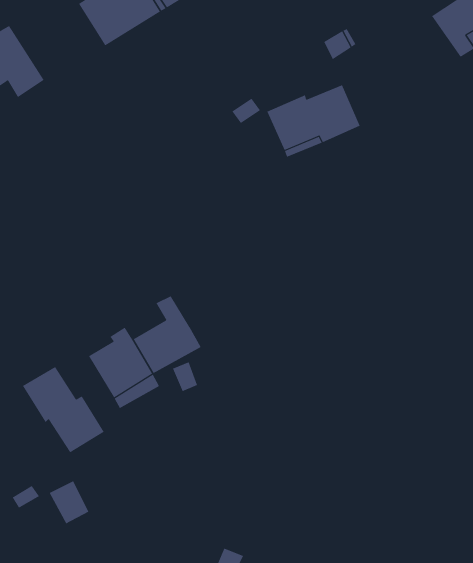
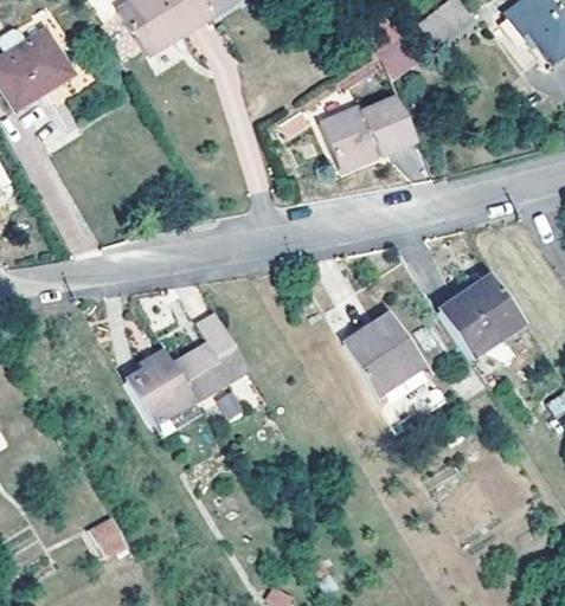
building: none -> [438,273,526,357]
building: none -> [341,312,425,399]
building: [22,366,104,453] -> none

